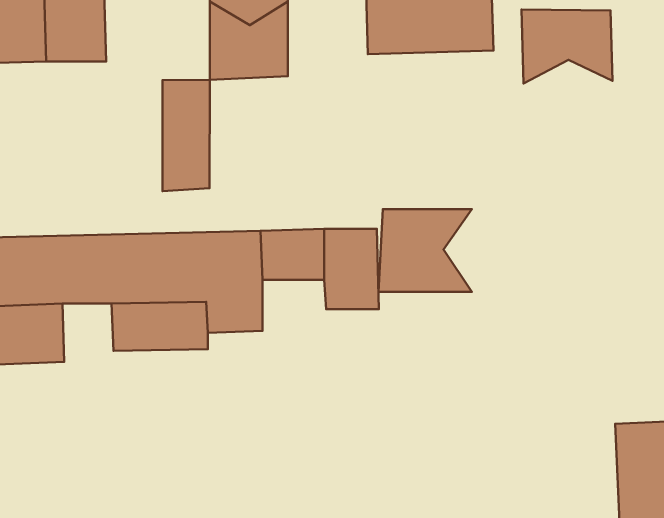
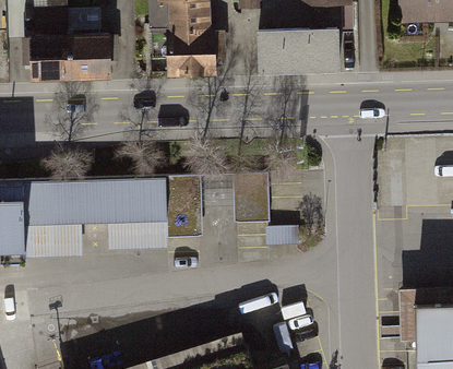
building: [521,10,612,83] -> none
building: [163,80,210,191] -> none
building: [378,209,472,292] -> none

